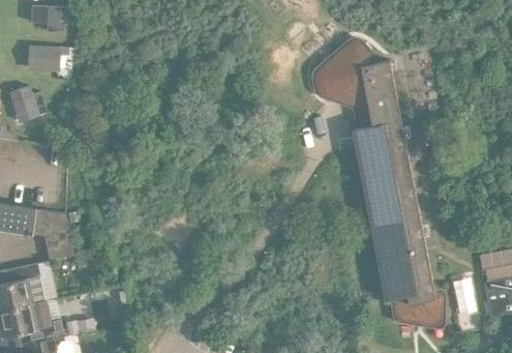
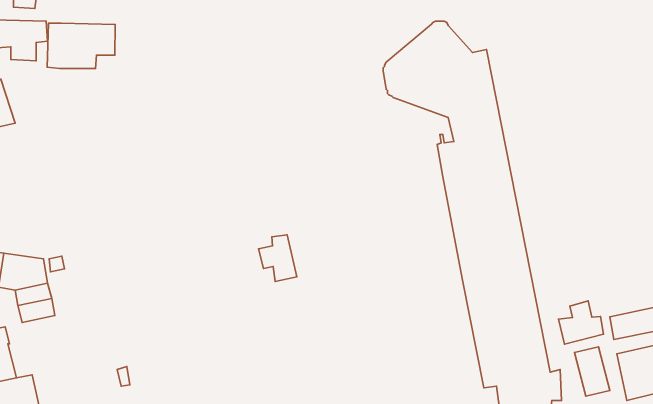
building: none -> [47,23,115,69]
building: none -> [258,235,297,281]
building: none -> [559,301,604,344]

